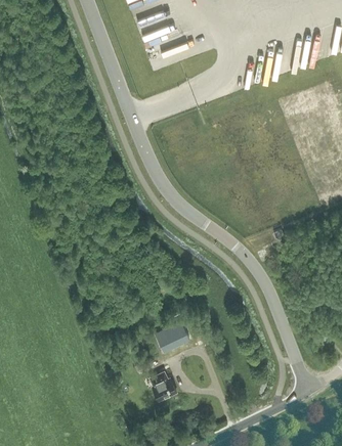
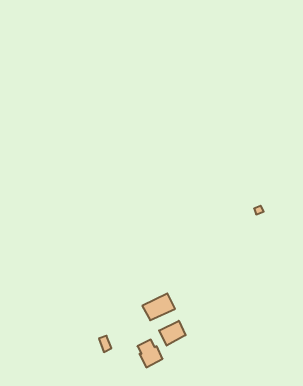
building: none -> [159,321,186,346]

